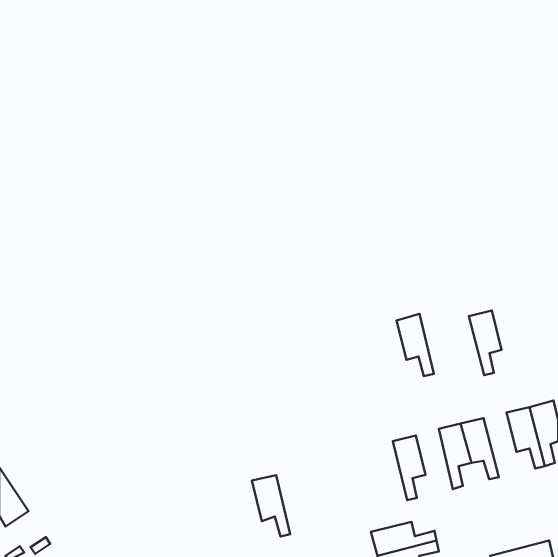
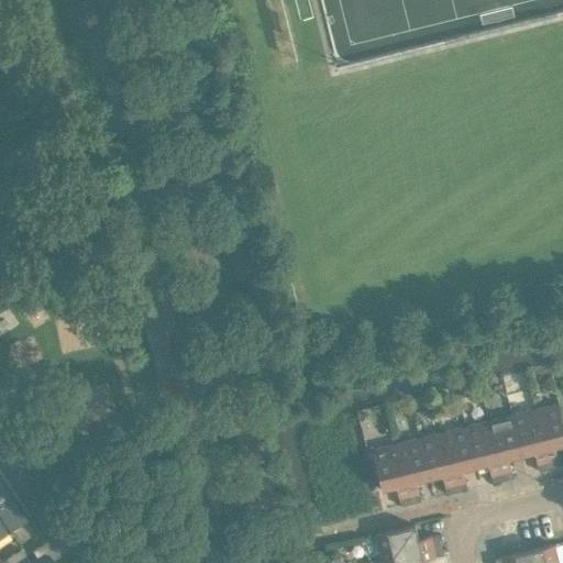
building: [469,311,502,375] -> [486,417,519,482]
building: [397,314,434,376] -> [418,433,455,496]
building: [252,475,290,536] -> [371,445,409,507]

